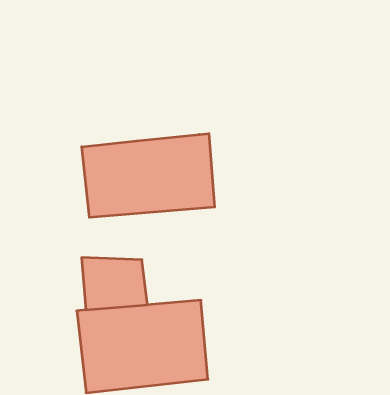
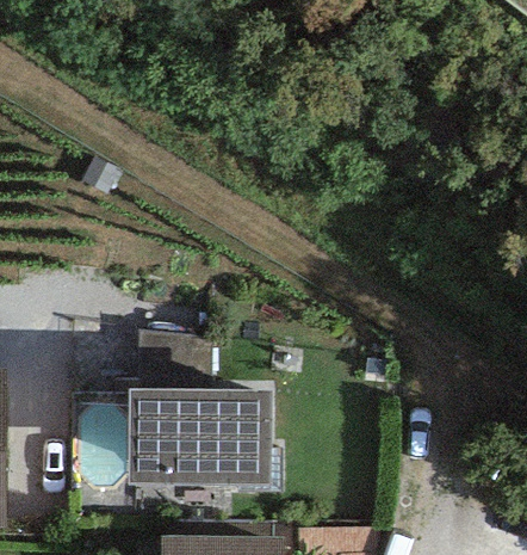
building: [82,134,215,217] -> none

